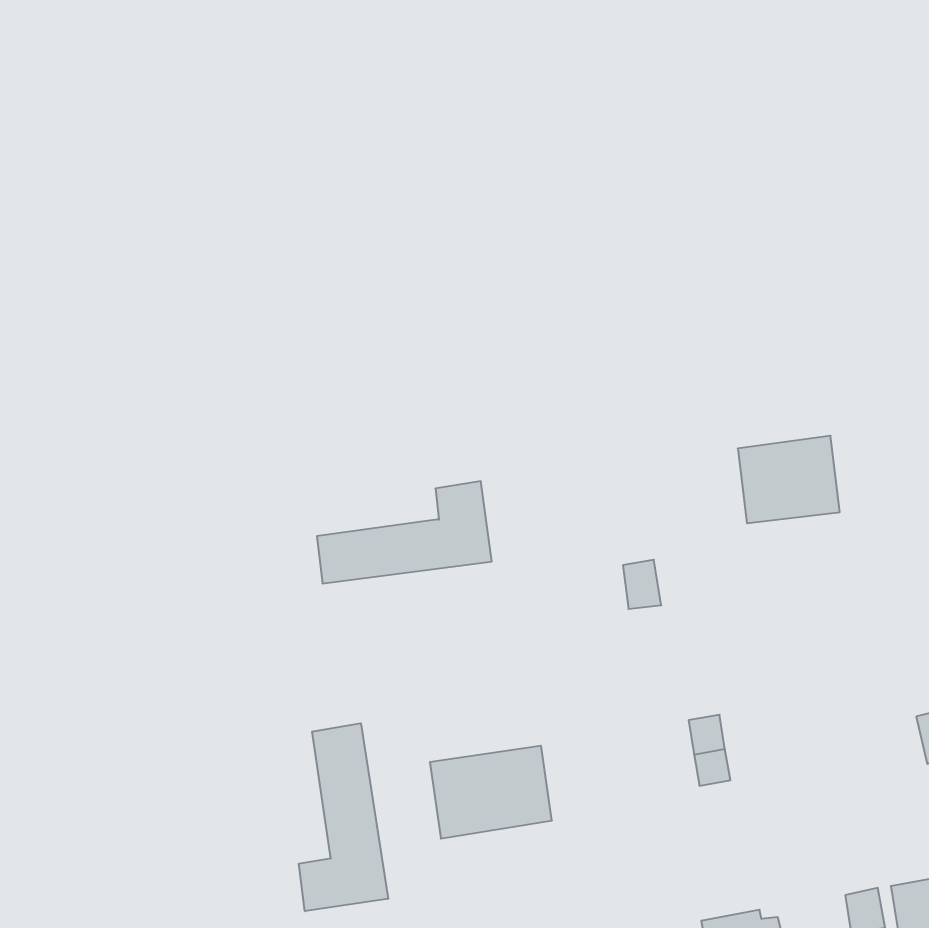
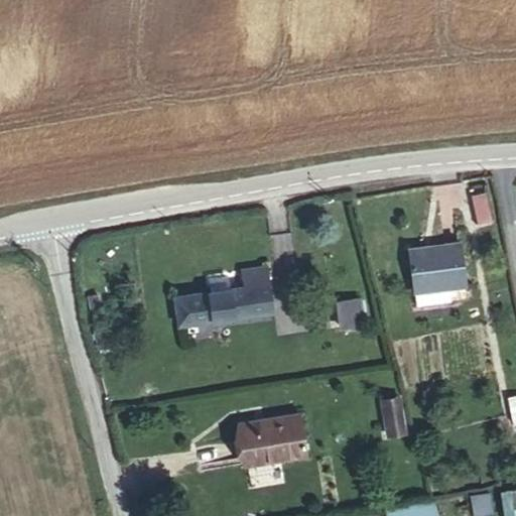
building: [299,723,388,911] -> none

